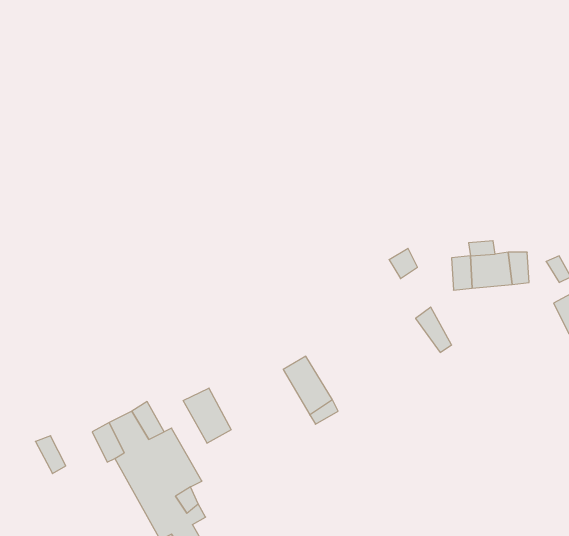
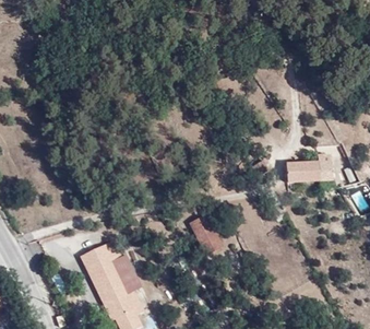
building: [183,388,231,443] -> none

